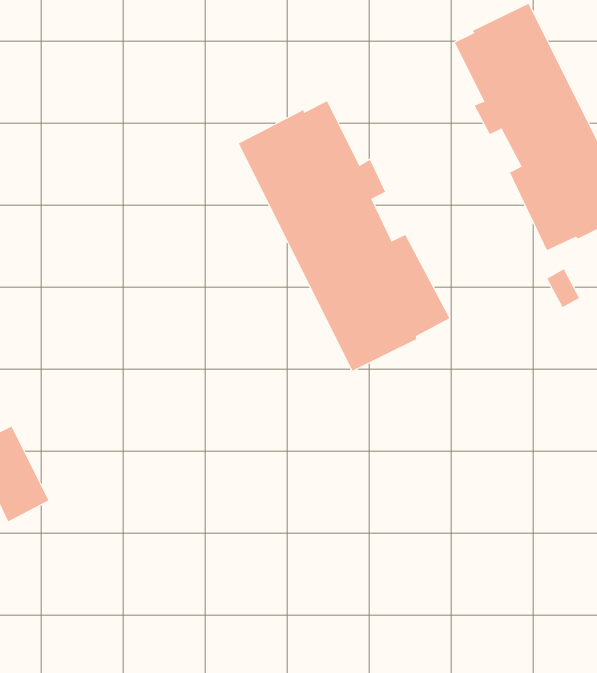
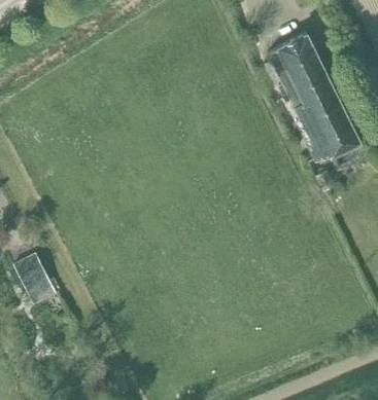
building: [238,101,450,372] -> none

